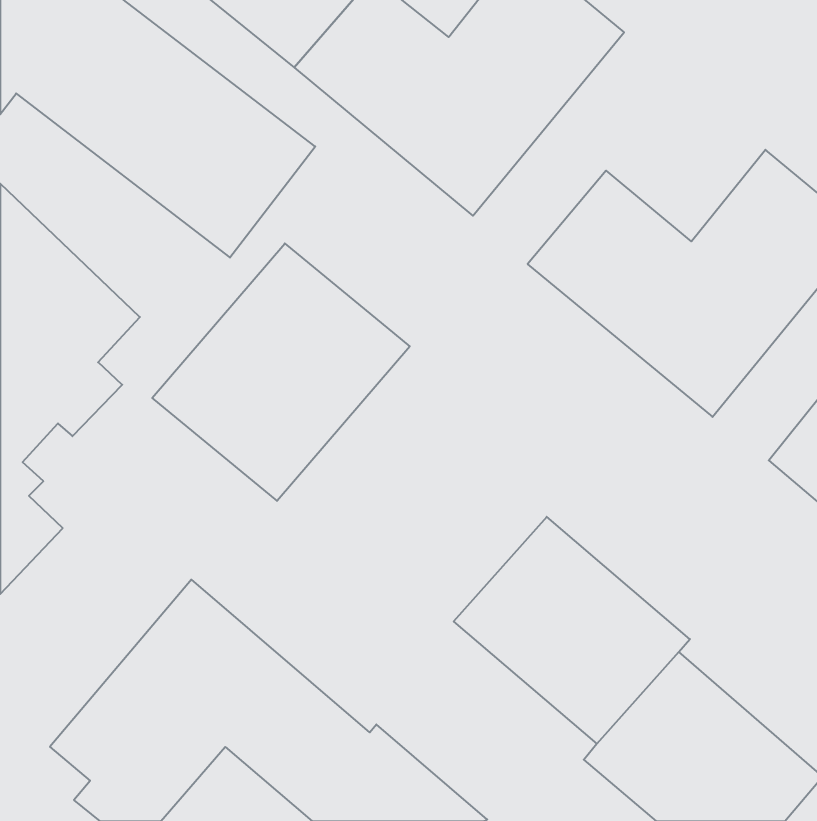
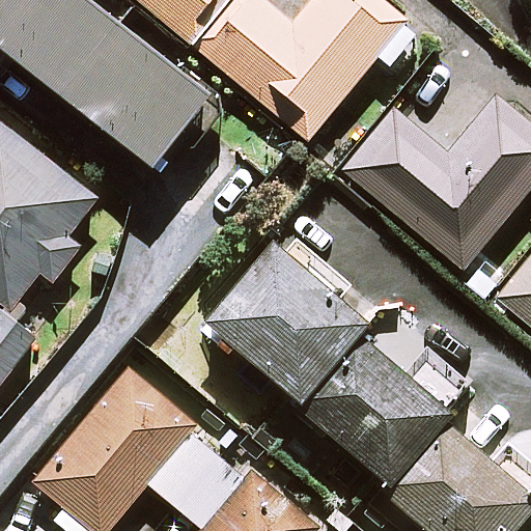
building: [152,243,410,501] -> none
building: none -> [200,230,372,400]

